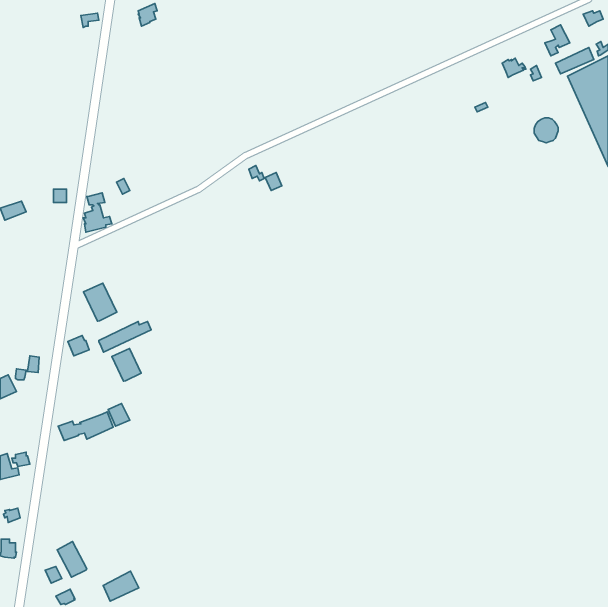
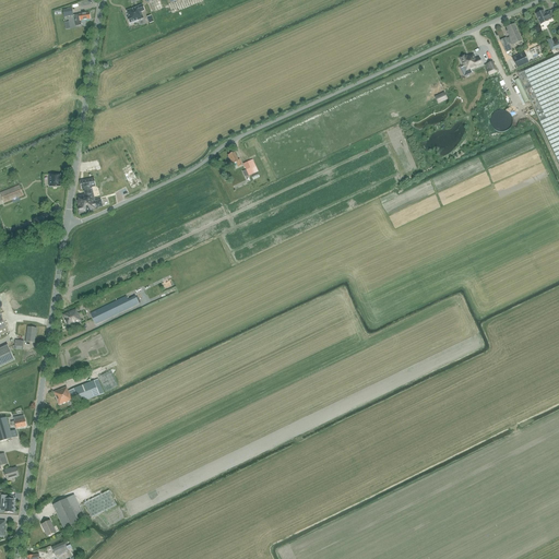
building: [84,283,117,321] -> none
building: [112,348,141,381] -> none
building: [103,571,139,601] -> [84,489,117,516]

